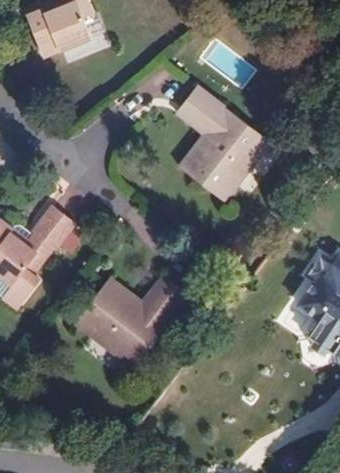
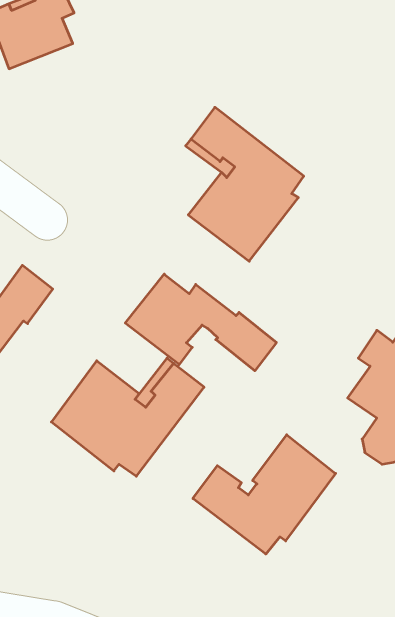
building: none -> [125,274,276,371]
building: none -> [193,435,336,554]

